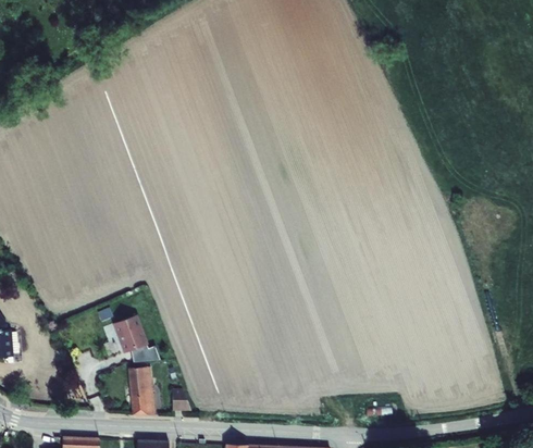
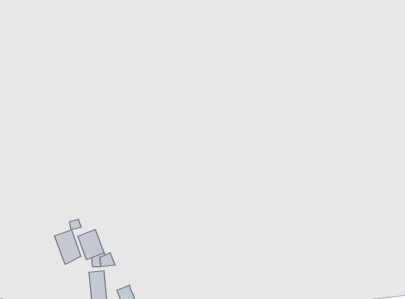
building: none -> [55,230,81,264]

